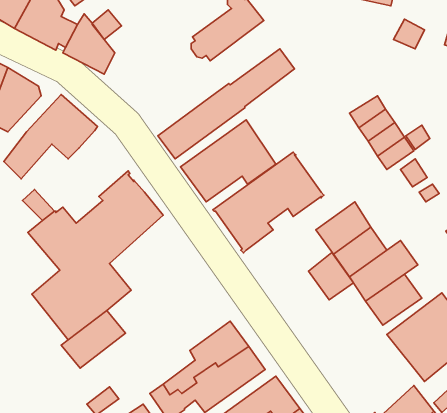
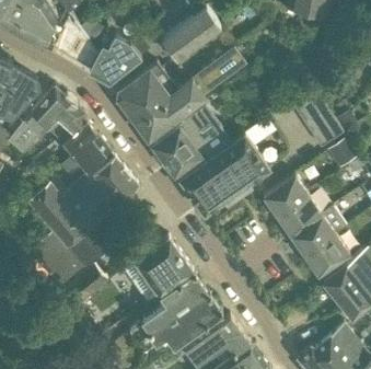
building: none -> [89,36,141,83]
building: none -> [117,65,176,122]
building: none -> [62,117,109,171]
building: [308,253,353,300] -> none
building: none -> [123,239,193,304]

